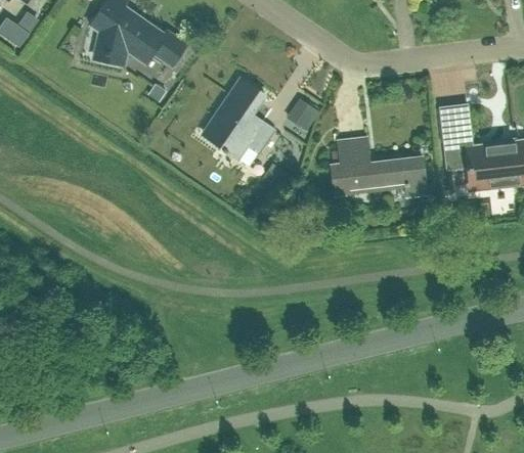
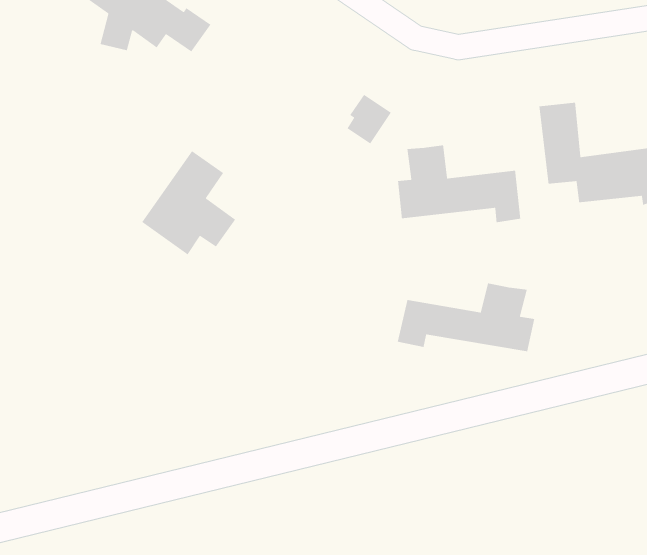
building: [202,78,274,158] -> [141,150,236,256]
building: none -> [397,283,535,352]

